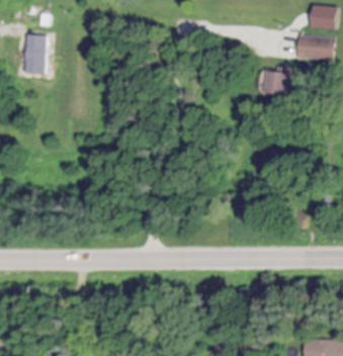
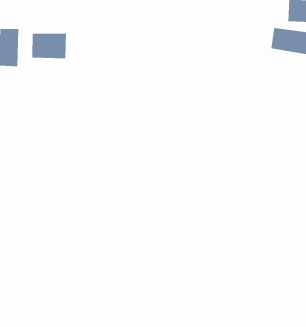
building: none -> [32,33,67,59]
building: [264,71,302,94] -> none

